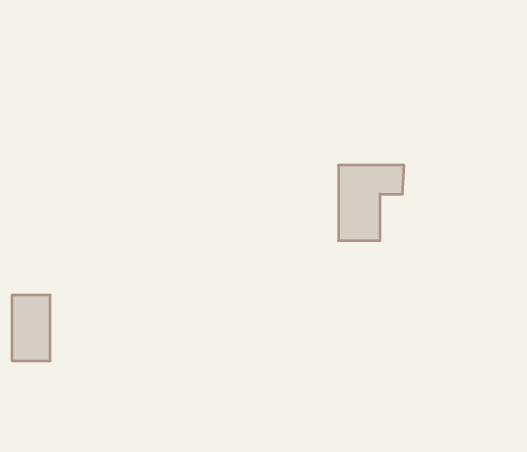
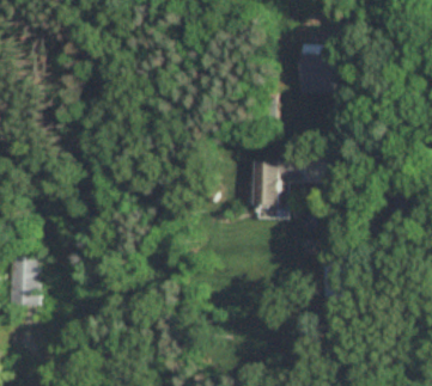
building: none -> [300,45,336,93]

